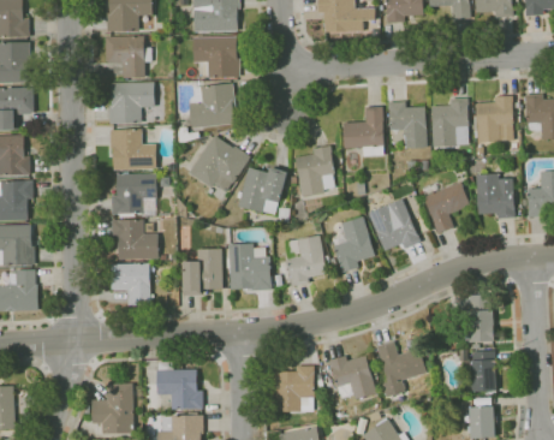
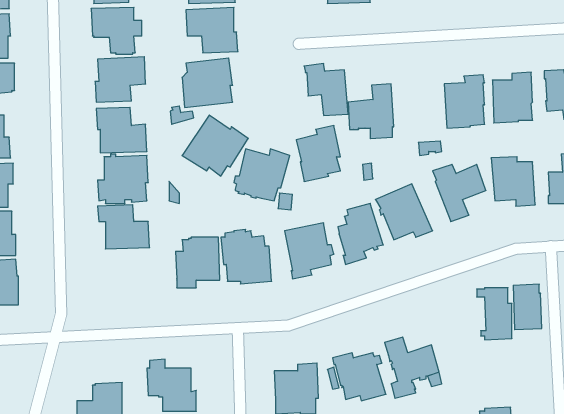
building: [387,100,428,148] -> [304,64,348,115]
building: [111,262,150,305] -> none
building: [470,350,496,392] -> [513,284,542,330]

